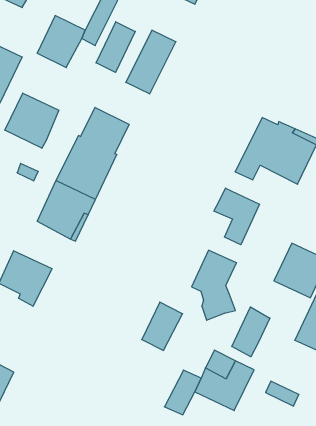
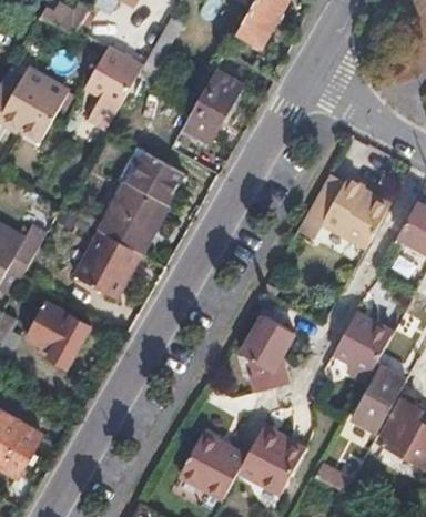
building: [96,22,135,72] -> none
building: [5,93,59,148] -> none
building: [214,188,260,245] -> none
building: [142,302,183,350] -> [180,430,226,484]
building: [232,307,270,357] -> none

